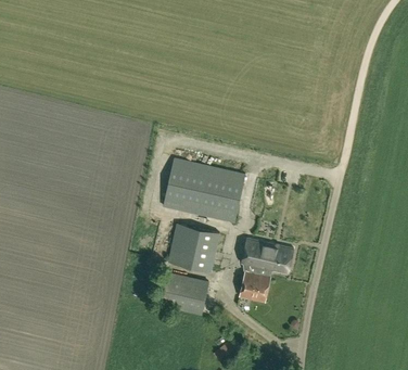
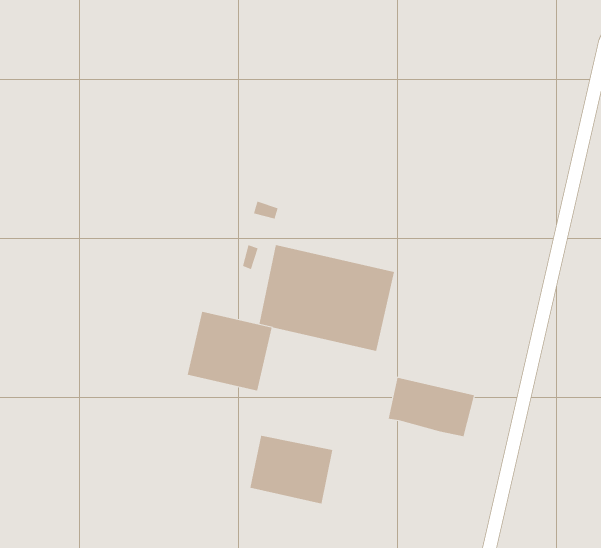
building: [168,224,219,271] -> [187,311,272,391]
building: [240,264,271,303] -> none

